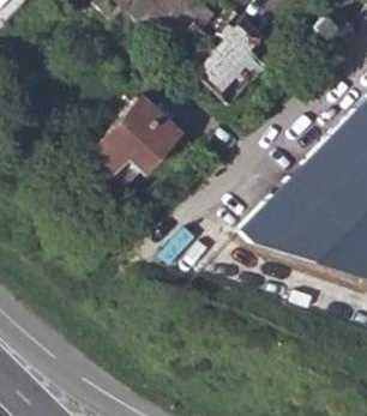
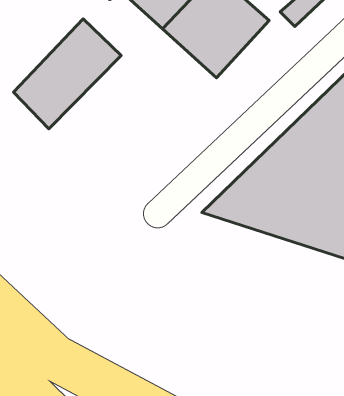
building: [80,92,186,200] -> [13,19,121,129]

